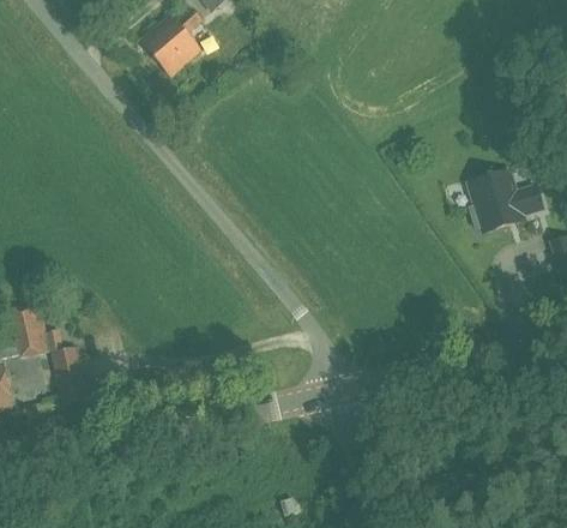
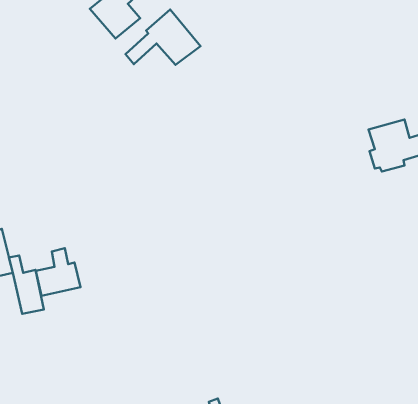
building: none -> [125,10,201,65]
building: none -> [36,248,80,296]

